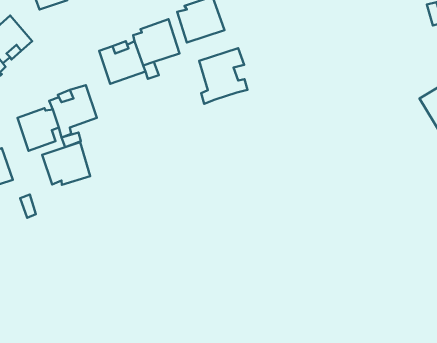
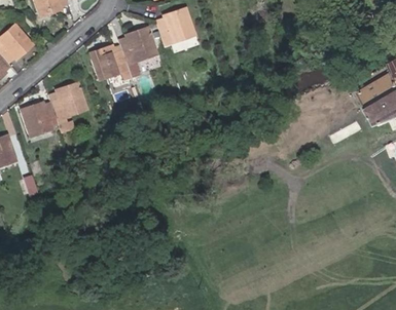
building: [199,48,247,104] -> none
building: [42,142,90,185] -> none

